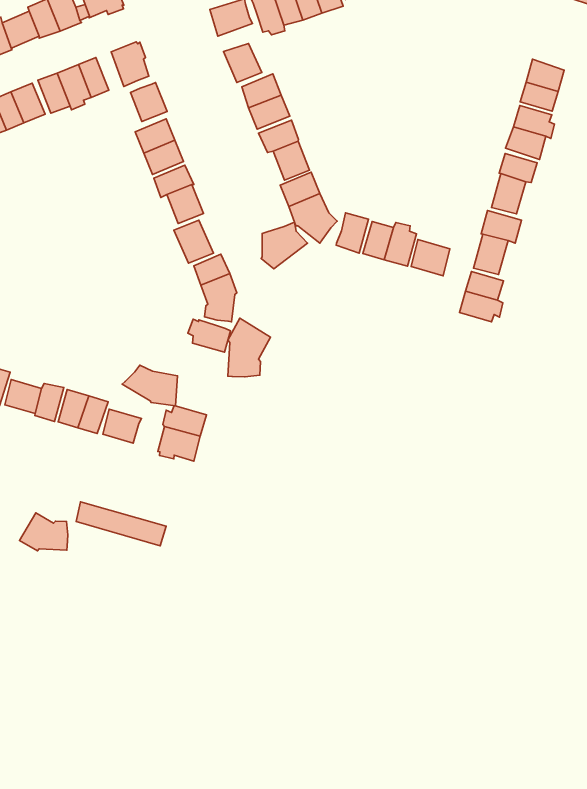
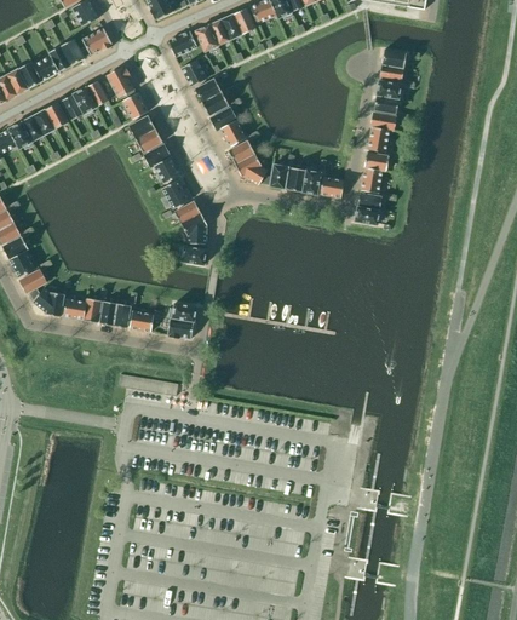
building: [261,222,308,269] -> none
building: [228,318,271,377] -> none
building: [122,365,178,406] -> none
building: [19,513,68,551] -> none

